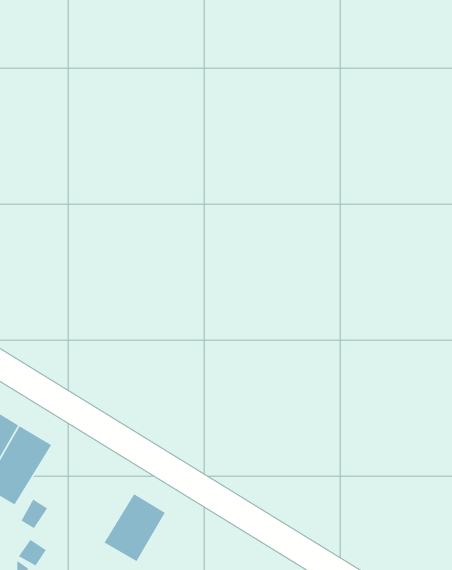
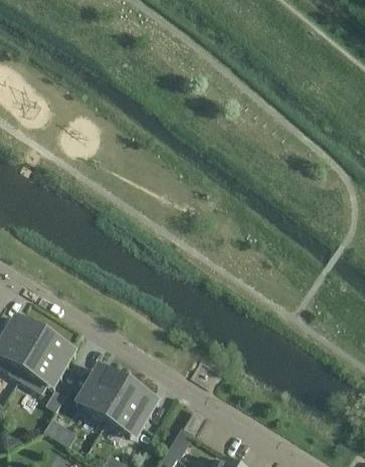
building: none -> [83,368,129,419]

